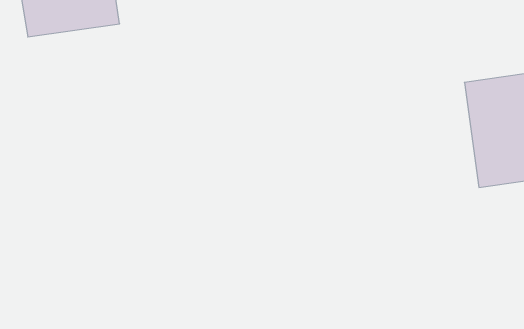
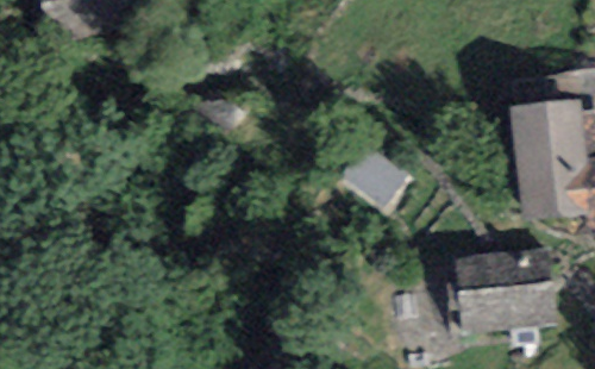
building: none -> [464,256,558,333]

